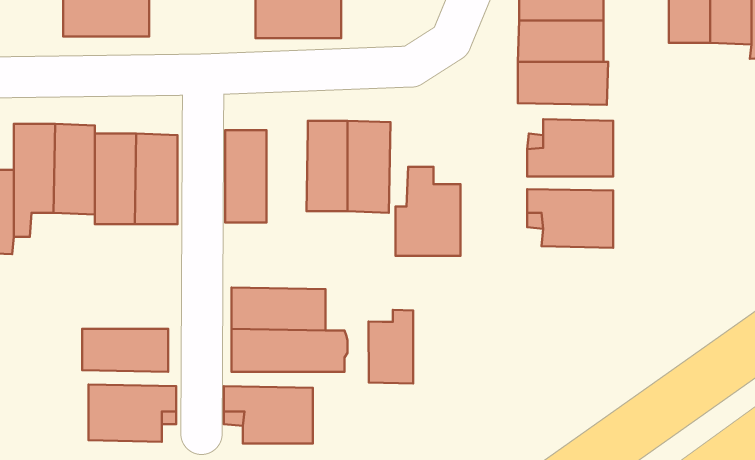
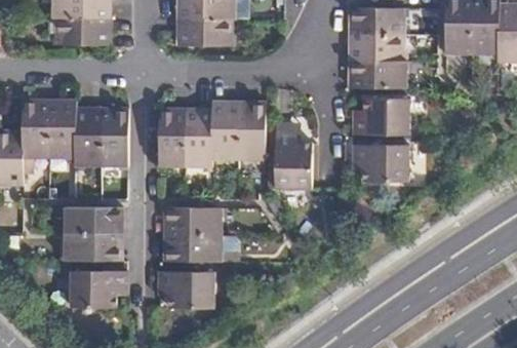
building: none -> [186,106,212,165]
building: none -> [67,207,122,234]
building: [369,310,413,383] -> none

